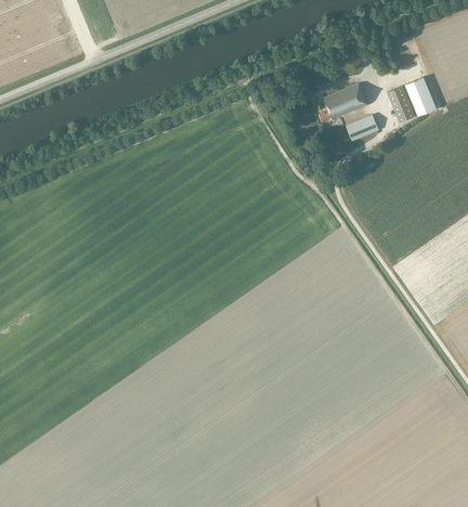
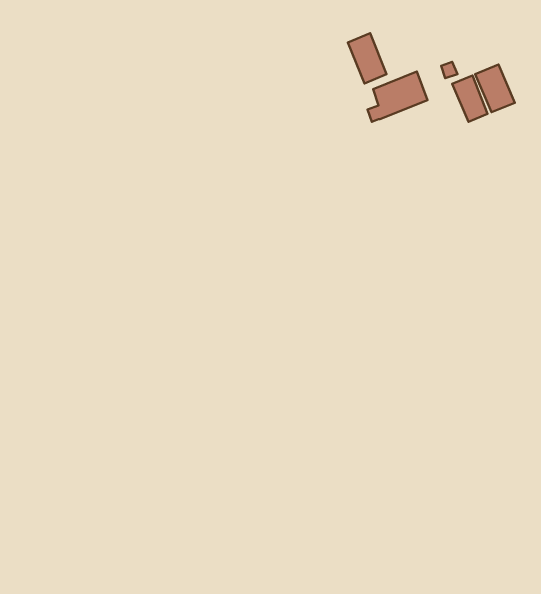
building: none -> [348,33,387,84]
building: [346,114,379,141] -> none

